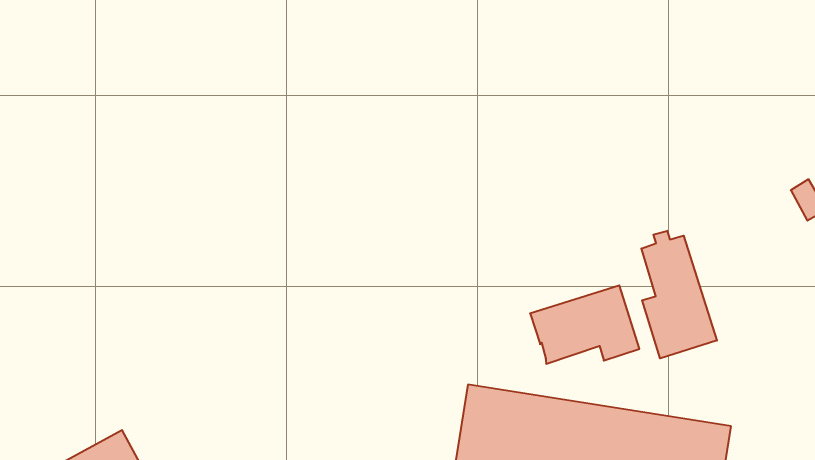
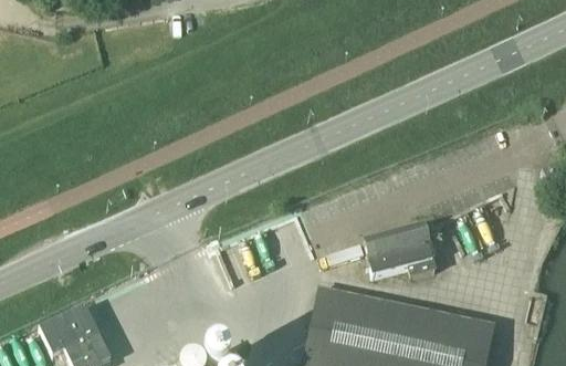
building: [641,231,717,358] -> none

